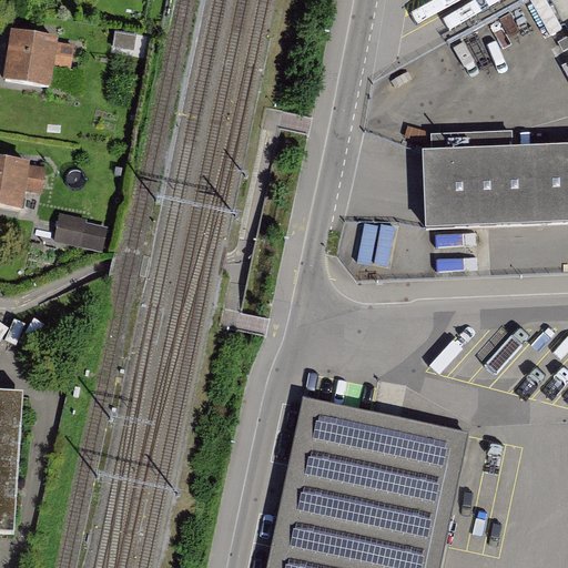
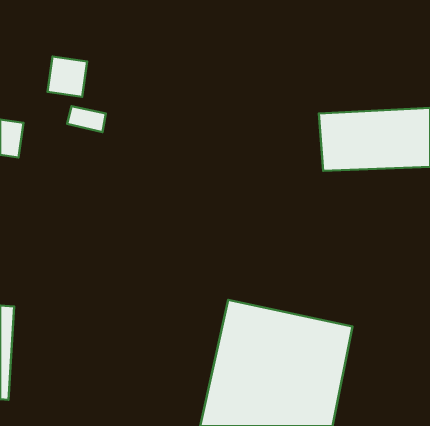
building: [7,37,59,90] -> [48,56,87,97]
building: [58,213,109,247] -> [67,106,106,132]

